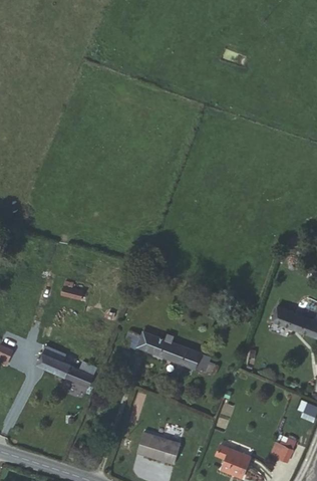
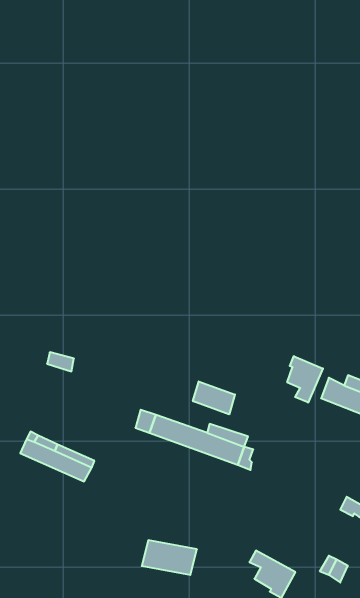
building: none -> [287,356,323,403]
building: none -> [193,381,235,414]

